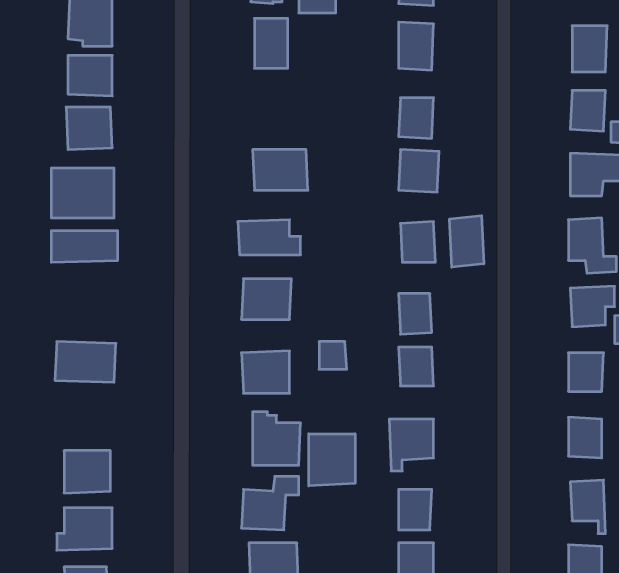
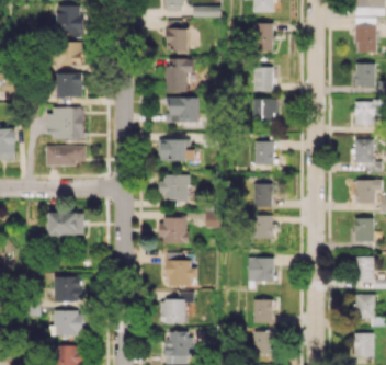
building: none -> [166,59,194,93]
building: [450,216,484,267] -> none
building: [309,434,355,486] -> none

